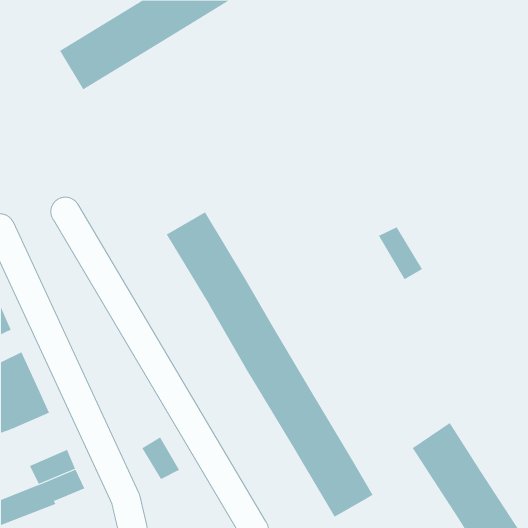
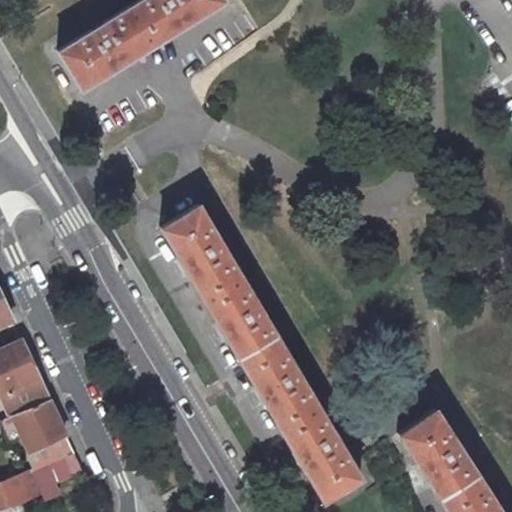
building: [378,226,423,280] -> none
building: none -> [13,400,67,451]
building: [141,437,180,480] -> none

